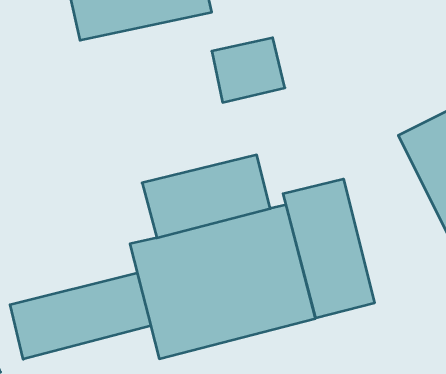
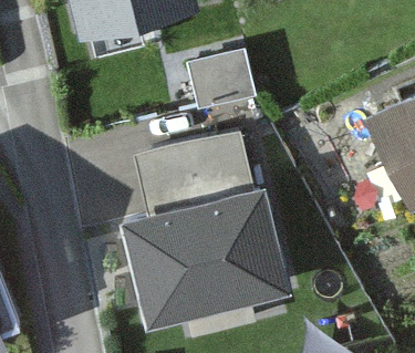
building: [283,179,374,318] -> none
building: [10,273,151,359] -> none

